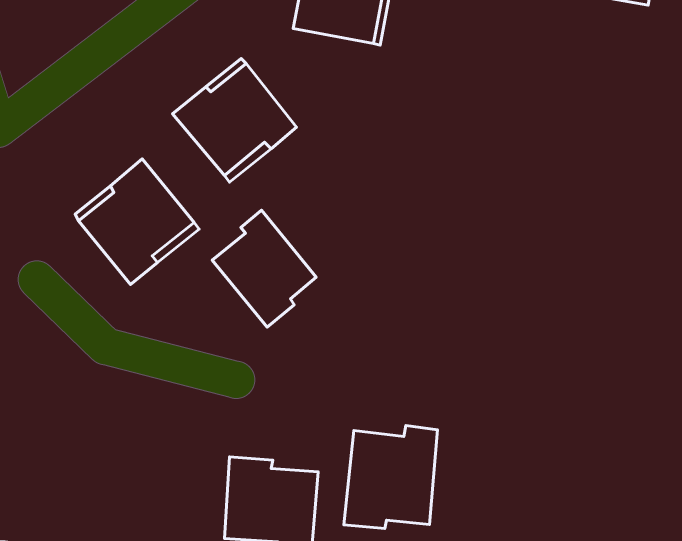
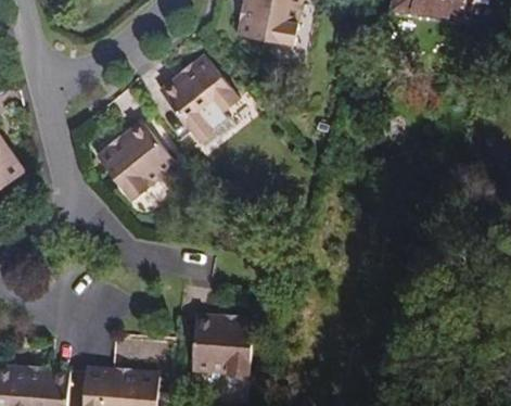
building: [212,210,316,327] -> none
building: [344,426,437,528] -> none

